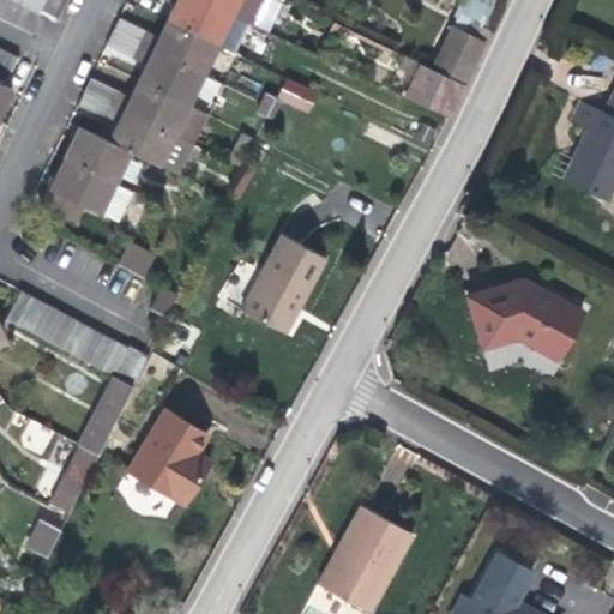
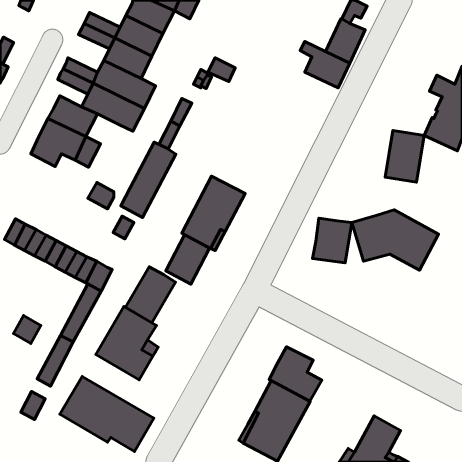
building: none -> [385,130,424,182]
building: none -> [121,142,176,218]
building: none -> [312,218,352,263]
building: none -> [166,235,210,284]
building: none -> [126,267,175,323]
building: none -> [269,347,322,401]
building: none -> [60,376,154,451]

